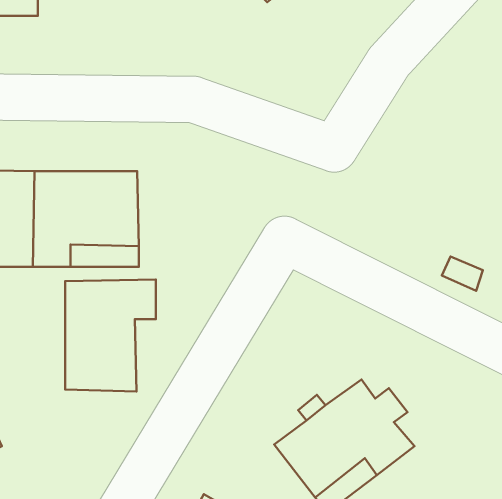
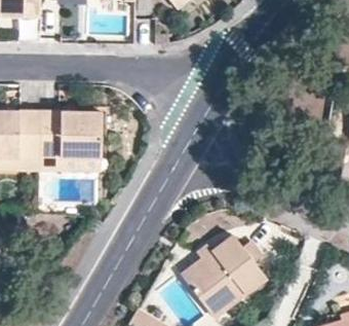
building: [65,279,156,391] -> none

